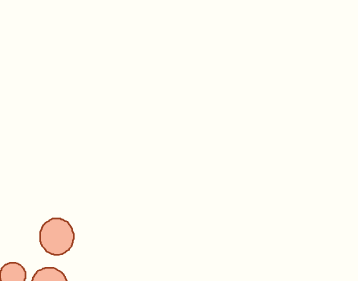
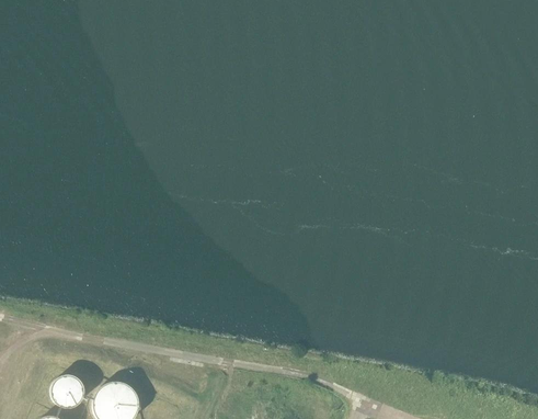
building: [40,219,74,255] -> none

